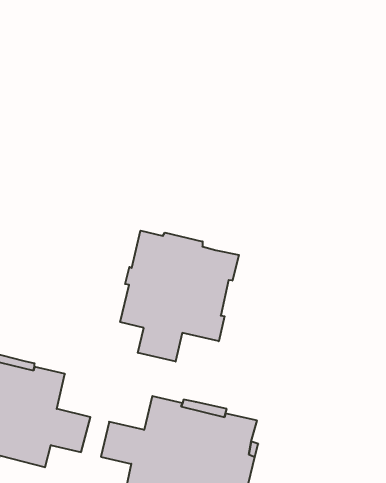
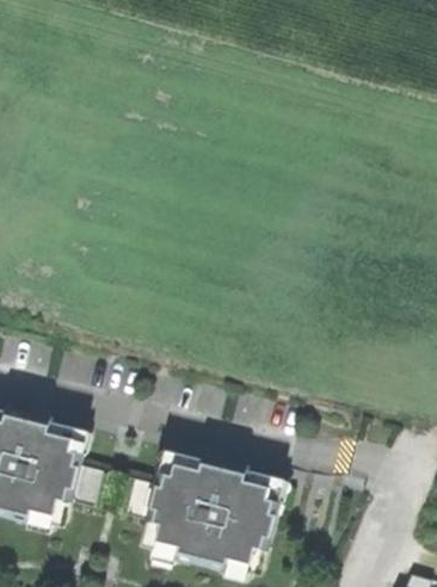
building: [120,231,239,362] -> none

